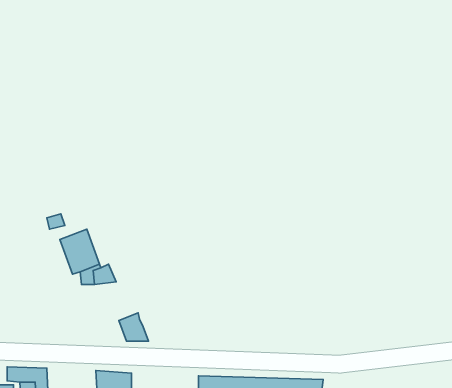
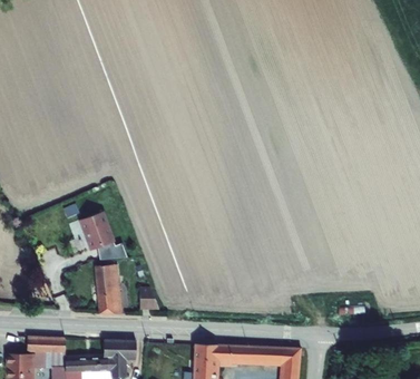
building: none -> [89,271,114,319]

